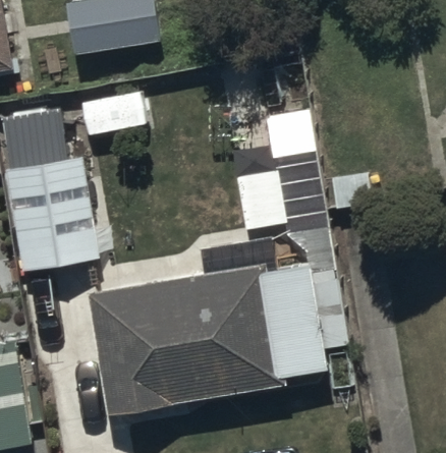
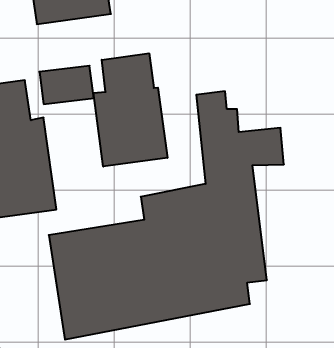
building: none -> [94,53,167,167]

